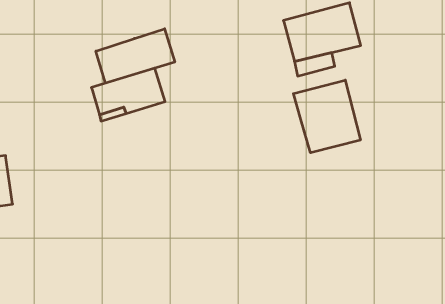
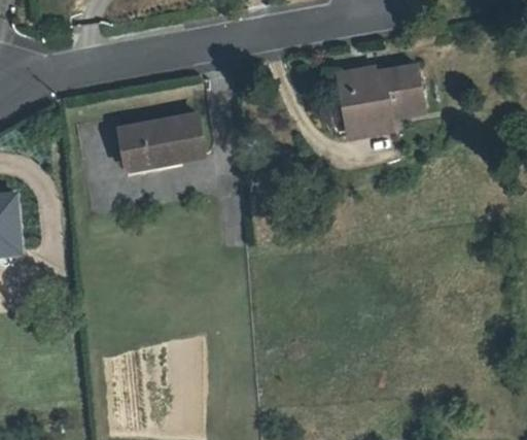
building: [96,29,175,83] -> none
building: [293,80,360,153] -> none

